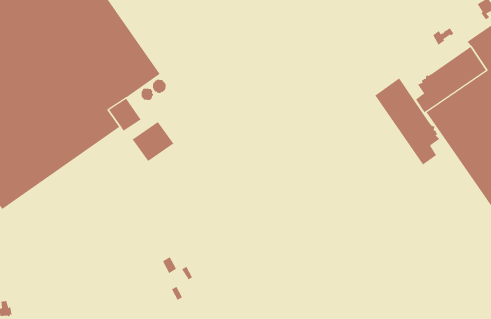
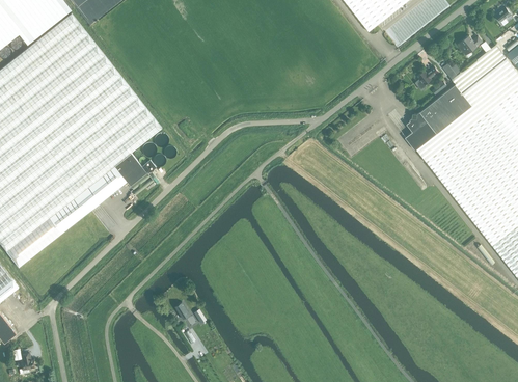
building: [375,78,440,166] -> none
building: [132,121,174,162] -> none

